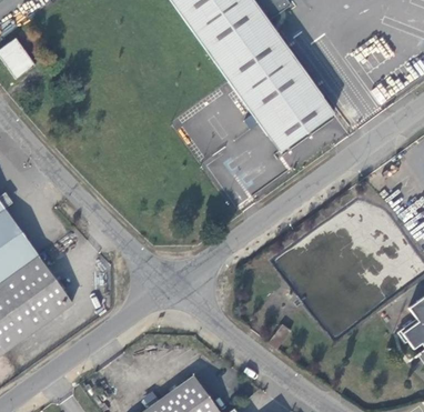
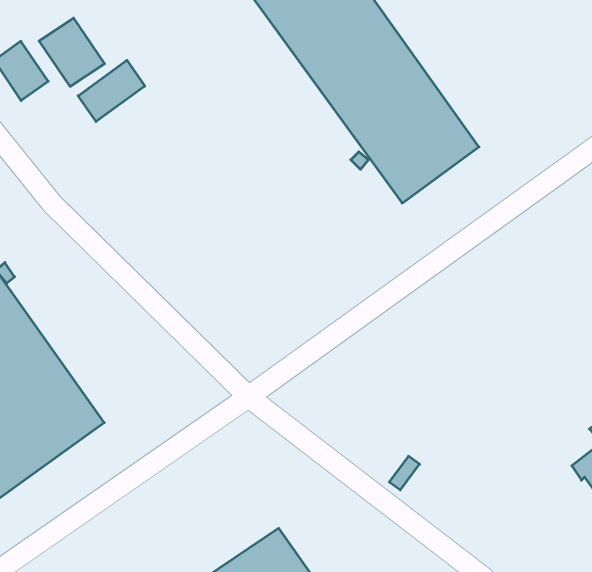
building: none -> [39,18,105,86]
building: none -> [78,60,145,122]

